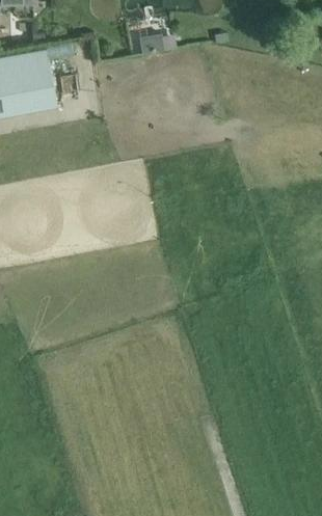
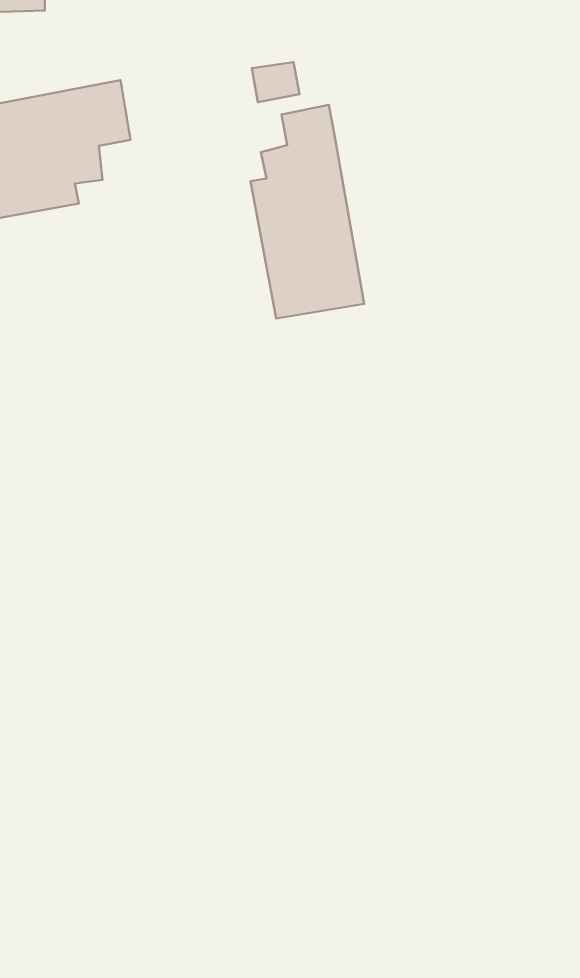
building: none -> [251,105,364,319]

